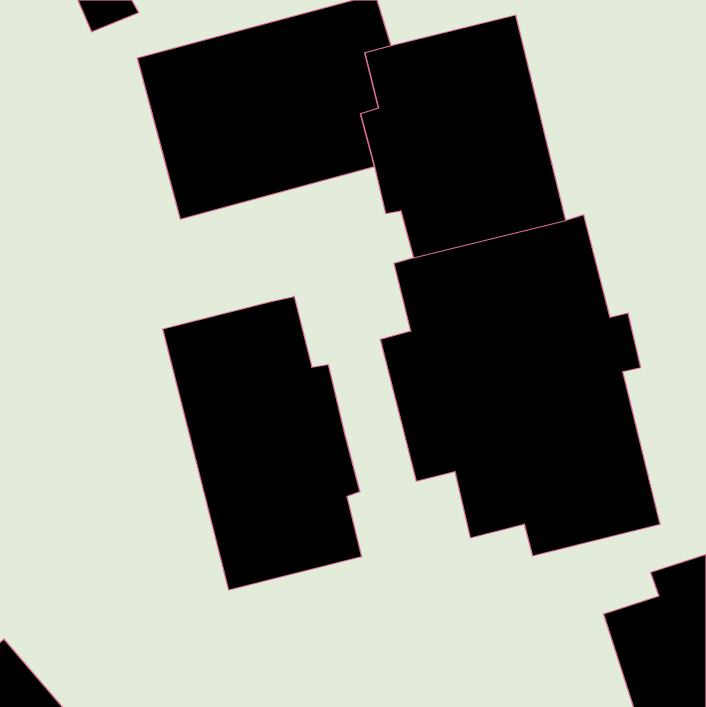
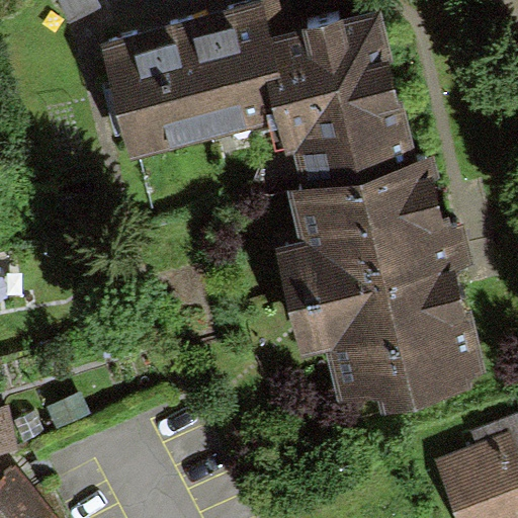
building: [163,296,361,590] -> none

